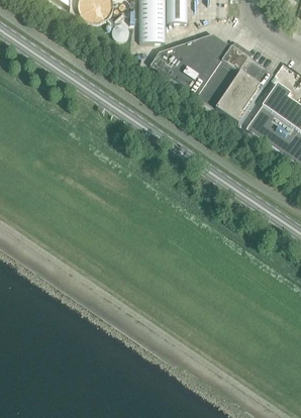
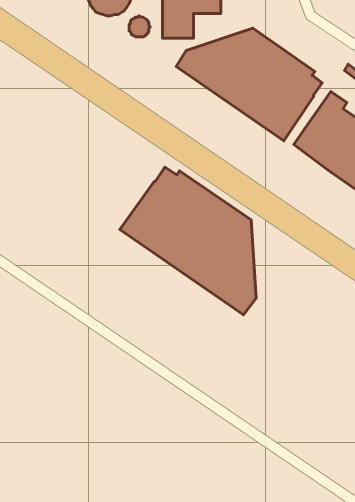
building: none -> [120,167,256,315]

